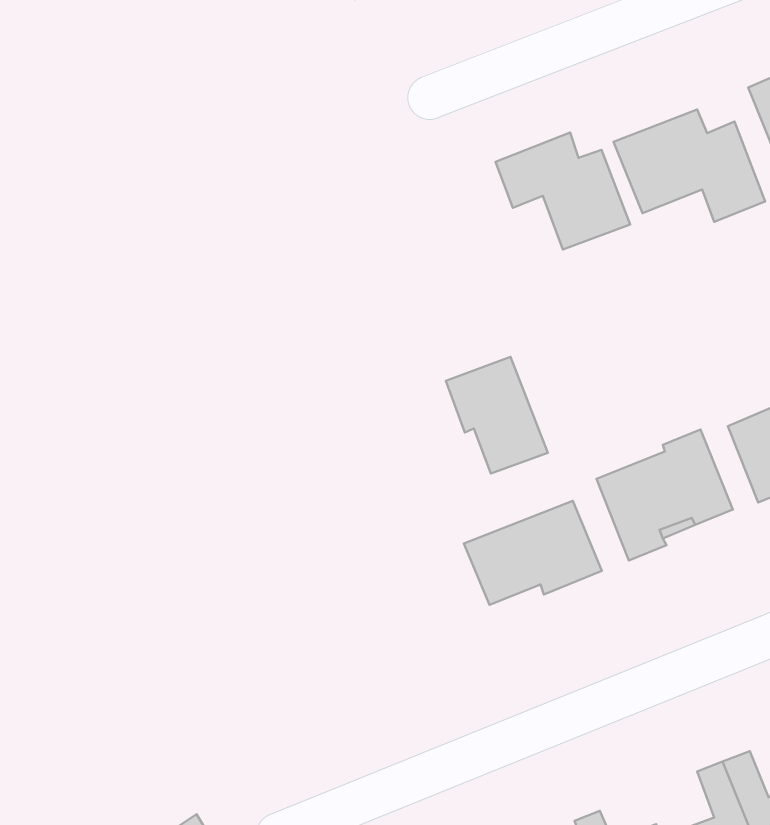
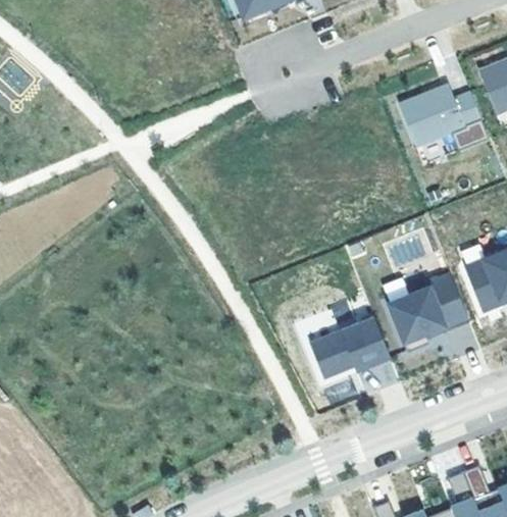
building: [496,133,630,250] -> none
building: [446,357,548,474] -> none

